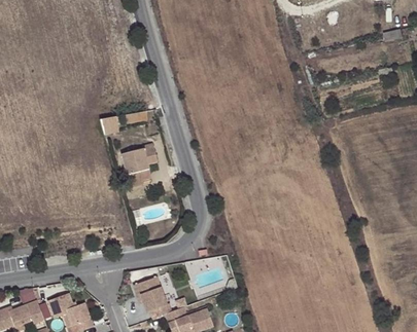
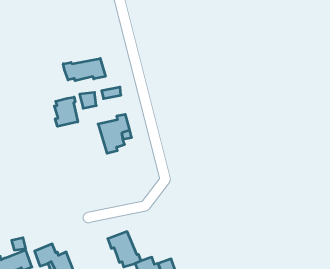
building: none -> [63,58,105,81]
building: none -> [54,97,78,126]

